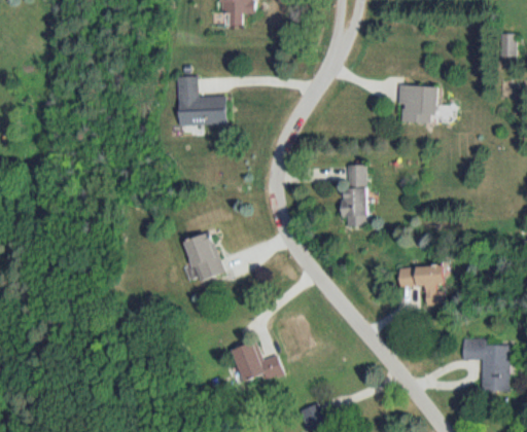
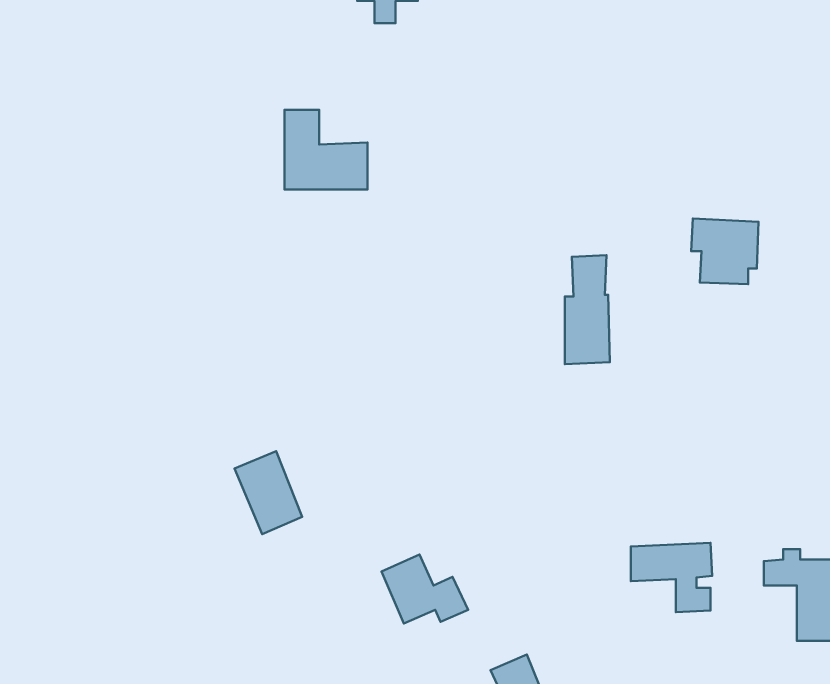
building: [397,83,437,122] -> [691,218,759,284]
building: [185,231,225,281] -> [235,451,302,534]
building: [398,264,447,305] -> [631,543,712,612]

